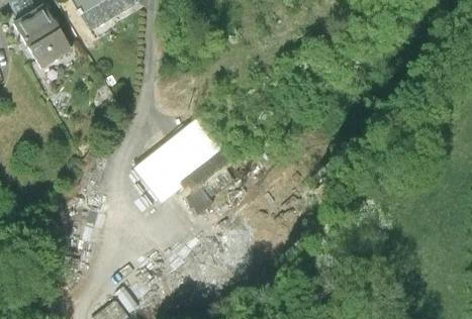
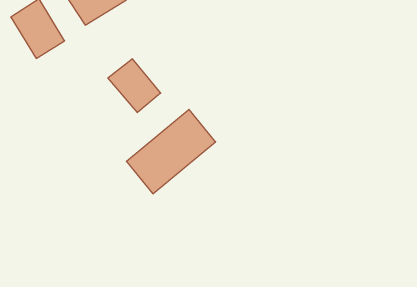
building: none -> [108,59,161,113]

